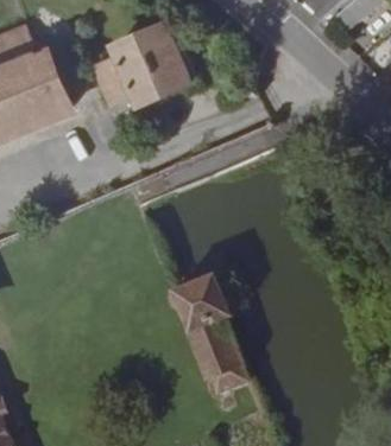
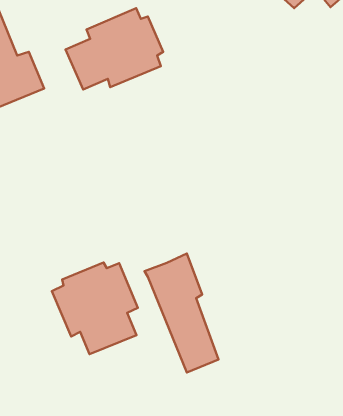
building: none -> [52,262,138,354]

